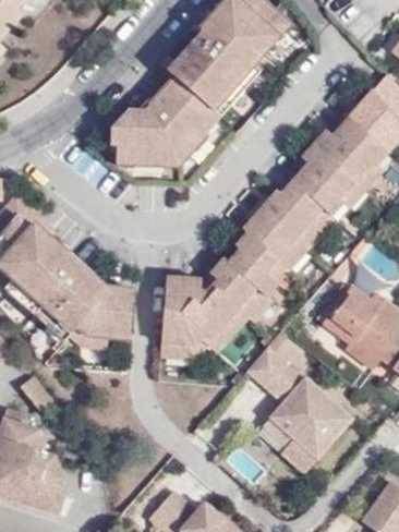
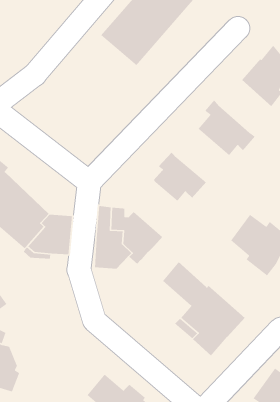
building: [118,69,222,158] -> none
building: [313,118,386,190] -> none
building: [259,180,332,247] -> none
building: [211,249,280,322] -> none

